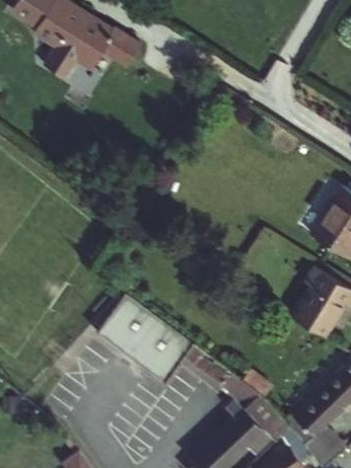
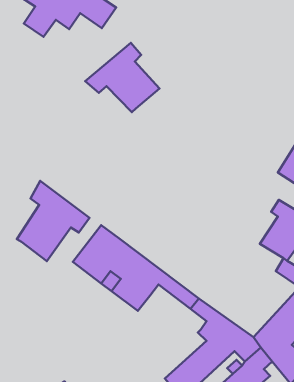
building: none -> [85,43,159,112]
building: none -> [17,181,90,261]

